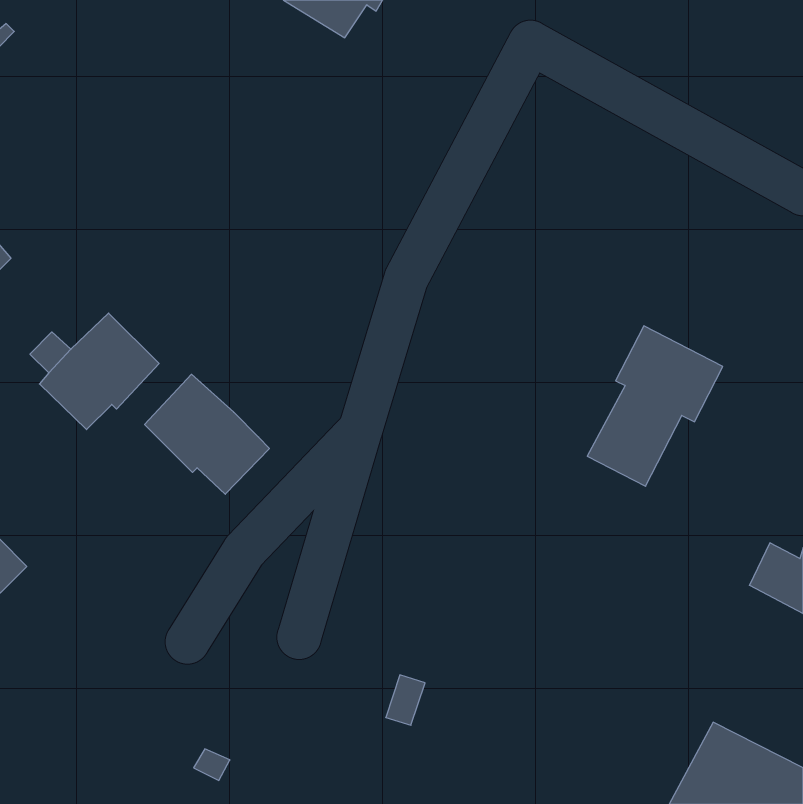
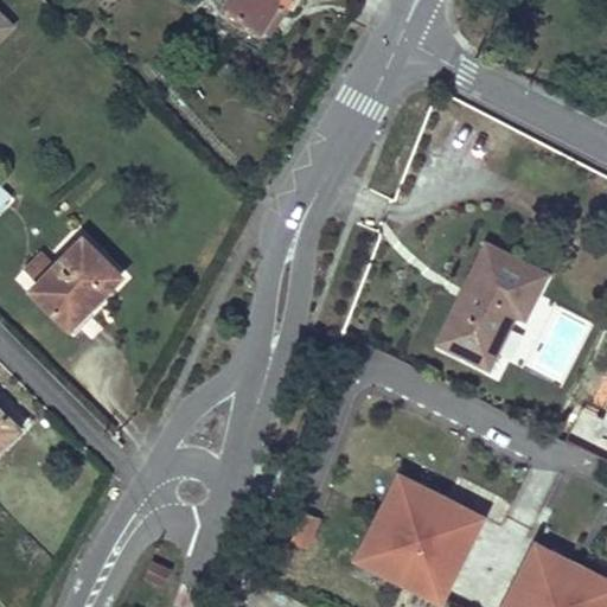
building: [145,374,269,494] -> none
building: none -> [358,475,484,601]

